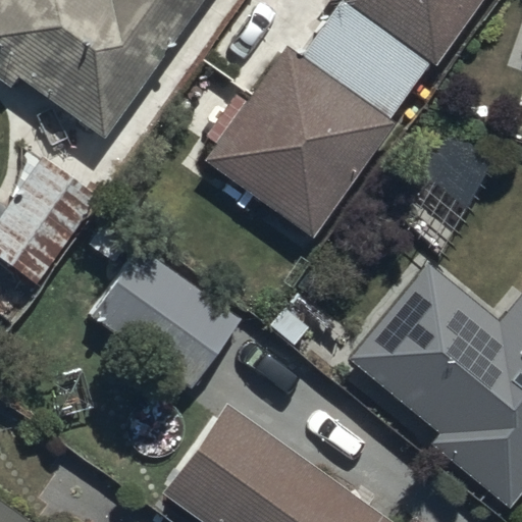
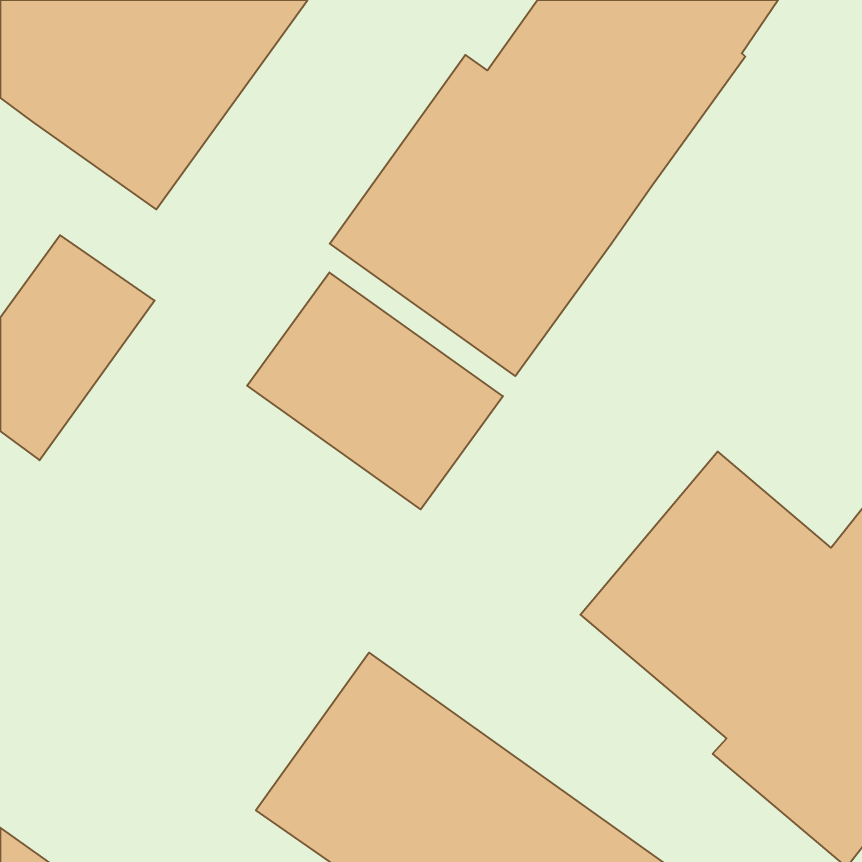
building: [93,248,245,388] -> [247,272,503,509]

